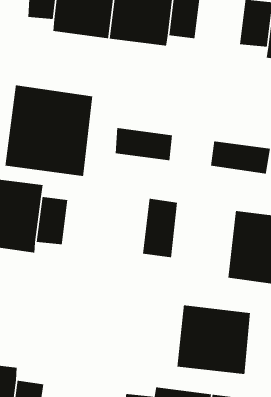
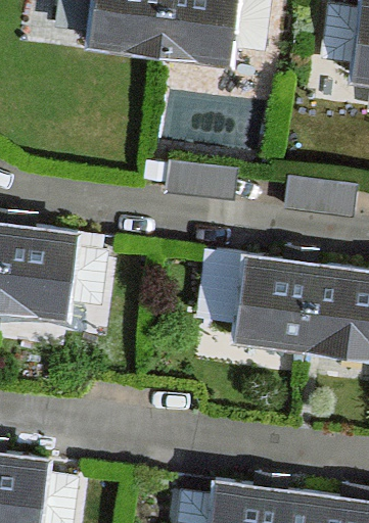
building: [5,85,93,177] -> none
building: none -> [238,254,317,347]
building: [177,304,251,375] -> none

